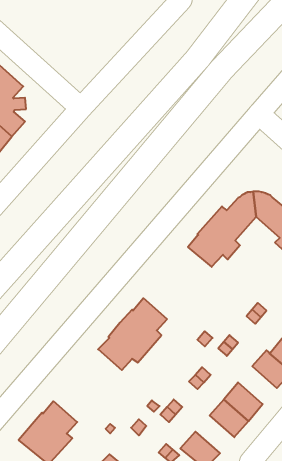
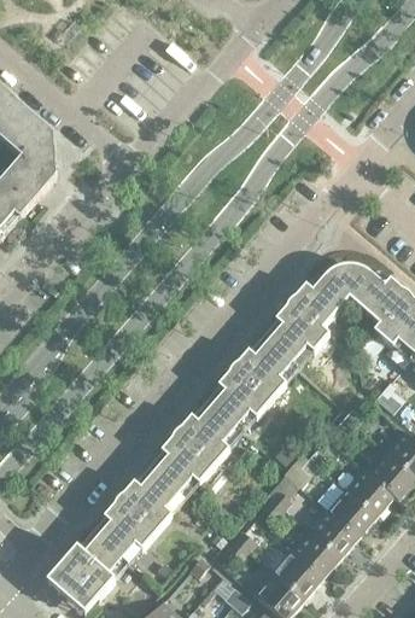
building: none -> [206,334,293,426]
building: none -> [92,465,179,558]
building: none -> [327,486,376,535]
building: none -> [273,549,322,597]

